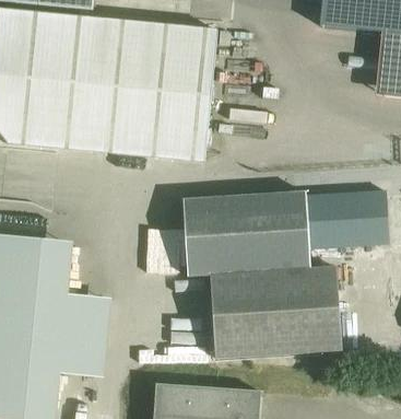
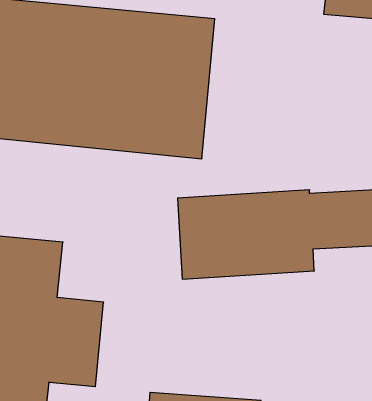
building: [210,267,341,357] -> none

